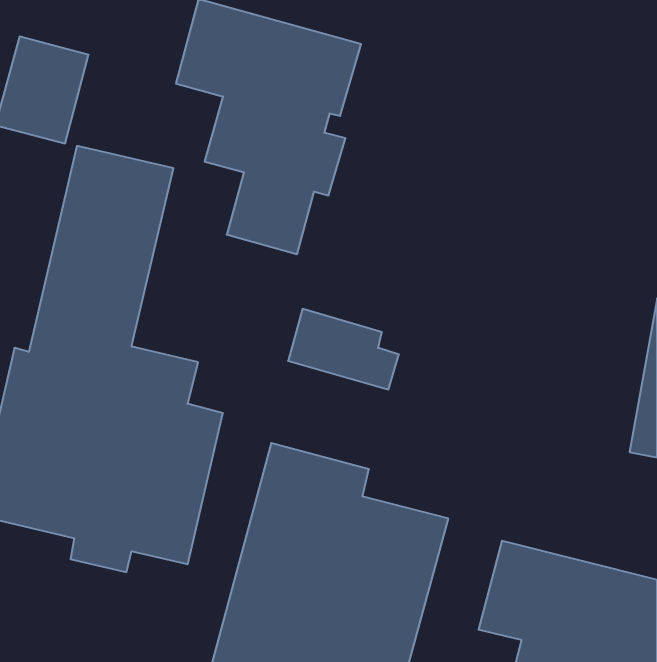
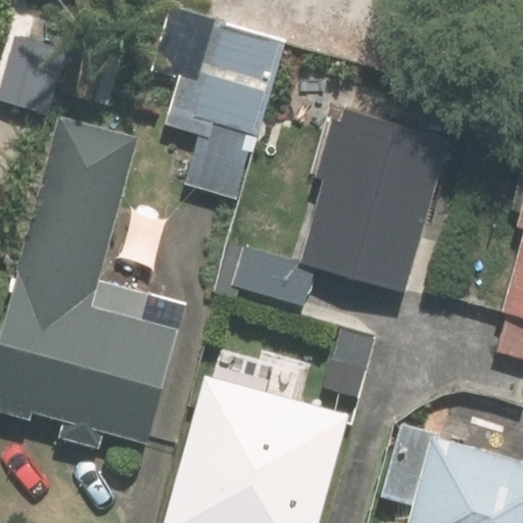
building: none -> [301,103,447,294]

